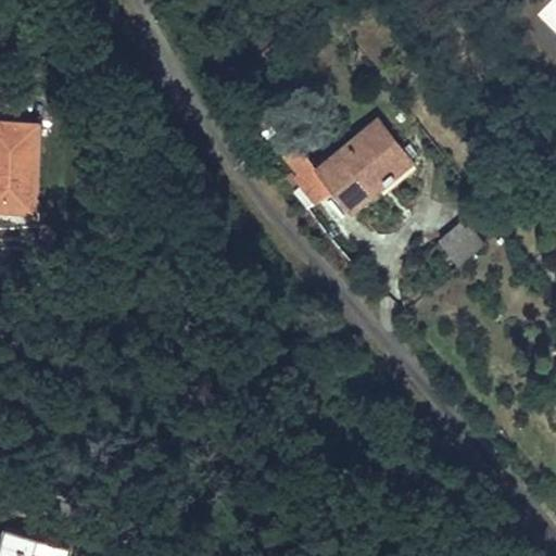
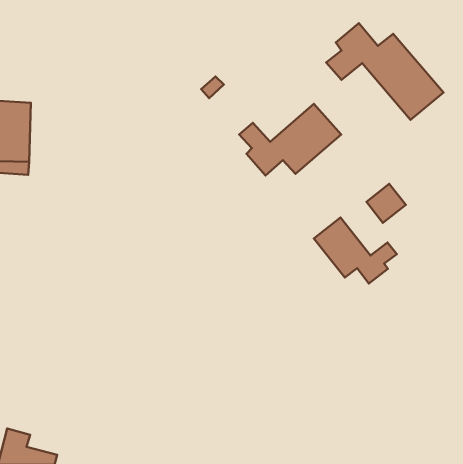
building: none -> [326,23,443,120]
building: none -> [314,218,397,284]

